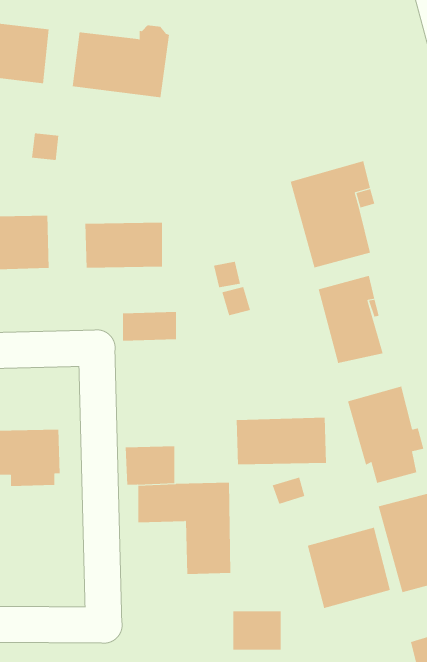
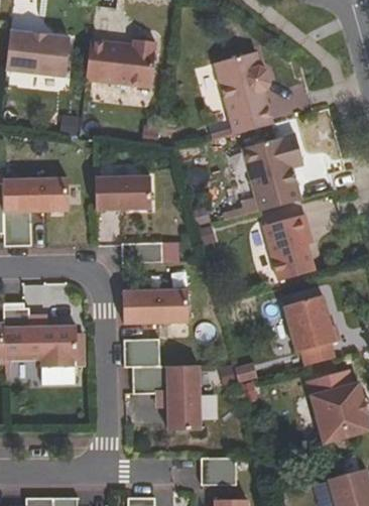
building: none -> [214,51,271,133]
building: [236,417,327,465] -> [122,288,188,323]
building: [307,527,391,609] -> none

